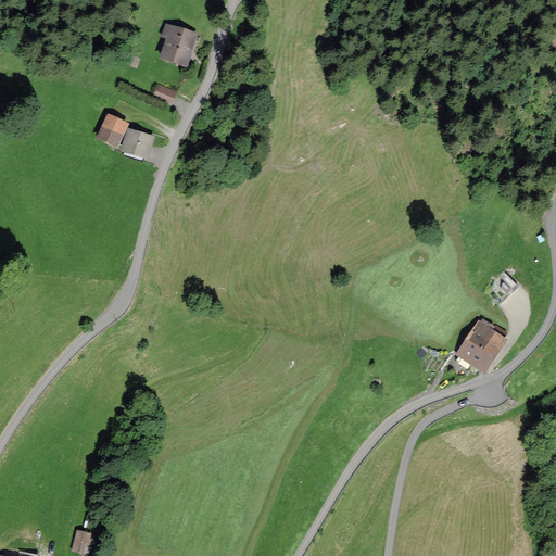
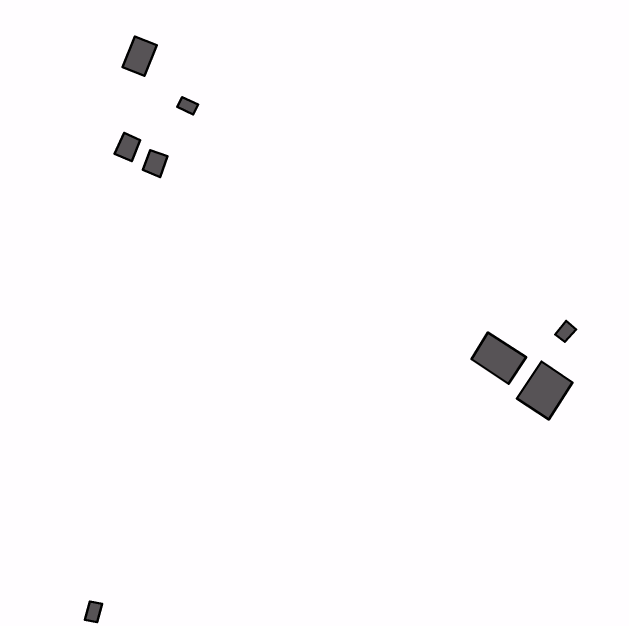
building: [163,29,193,64] -> [122,36,157,76]
building: none -> [471,333,526,384]

